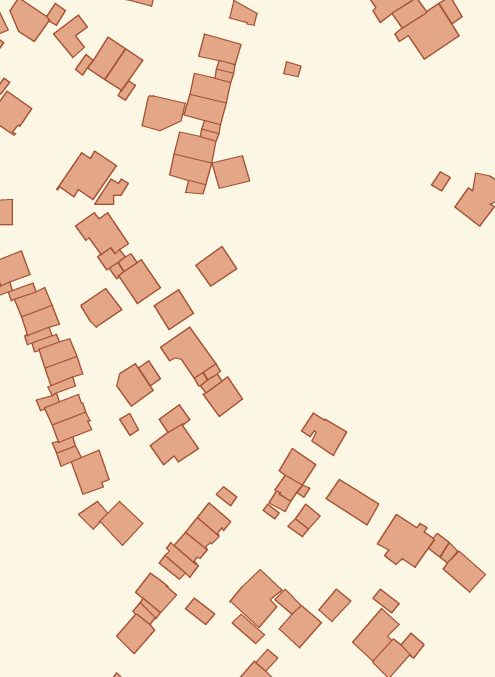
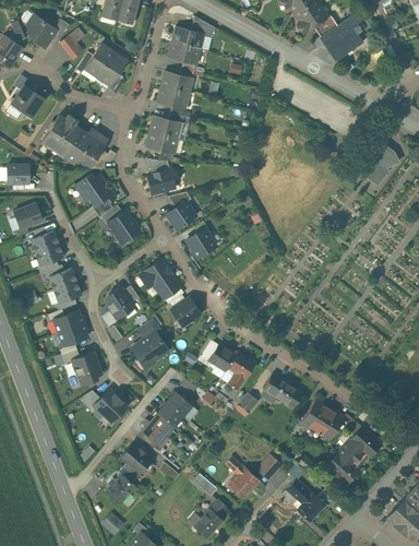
building: none -> [172,26,204,49]
building: [142,96,185,131] -> none
building: none -> [40,115,81,157]
building: [212,156,250,188] -> [147,169,176,193]
building: [81,289,122,327] -> none
building: [154,290,194,329] -> [187,228,216,258]
building: [301,413,347,456] -> [202,340,236,371]
building: none -> [326,440,368,484]
building: [230,570,282,627] -> none

